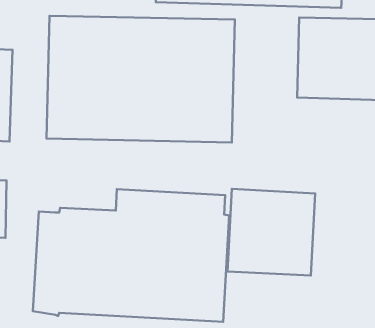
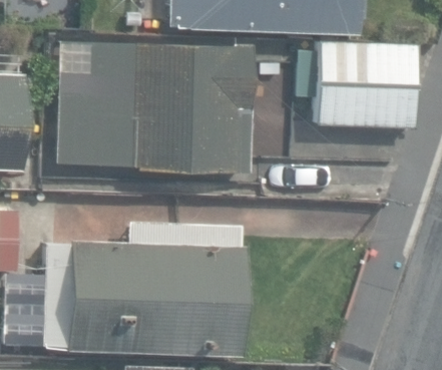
building: [227,189,315,275] -> none

